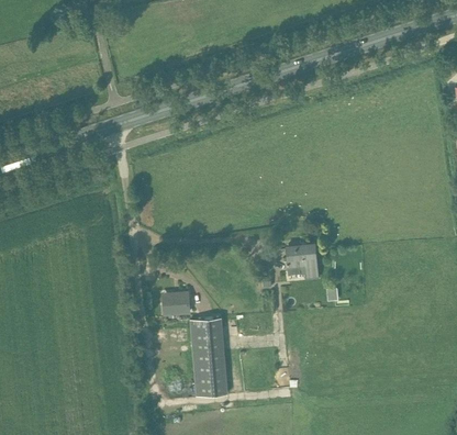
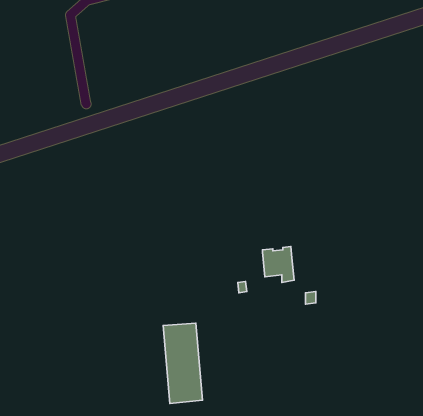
building: [163,292,188,314] -> none

